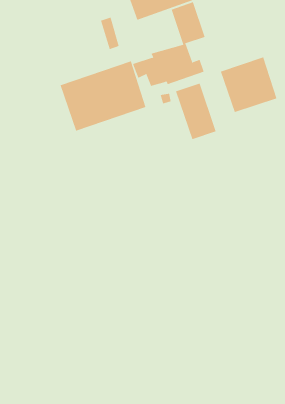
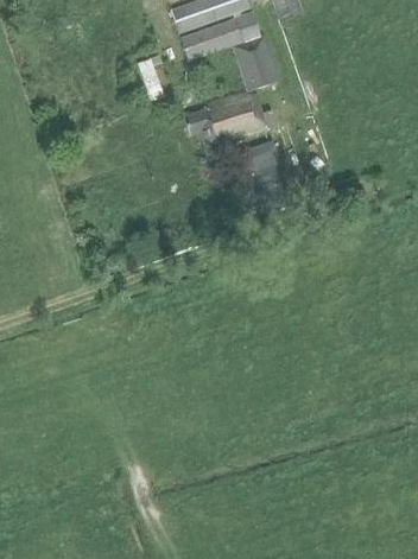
building: [220,57,277,113] -> none
building: [60,61,146,131] -> none

